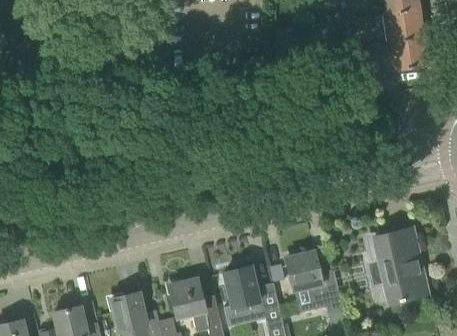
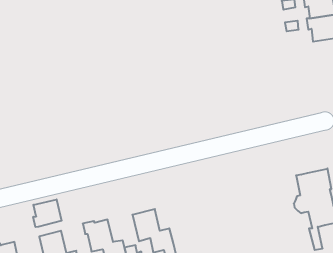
building: [285,250,341,315] -> none
building: [223,263,282,327] -> none
building: none -> [33,199,62,227]

